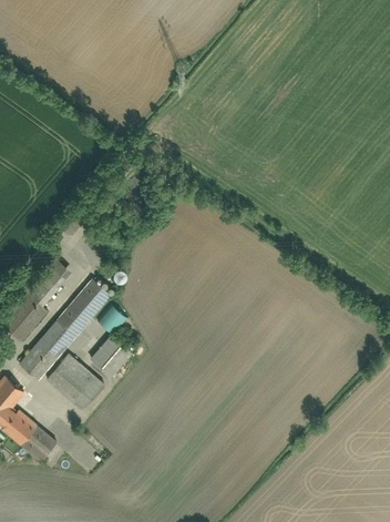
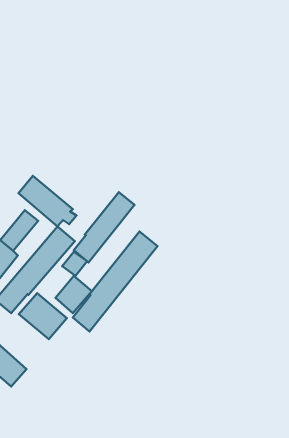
building: none -> [18,176,76,227]
building: none -> [74,192,135,262]
building: none -> [73,231,158,331]

